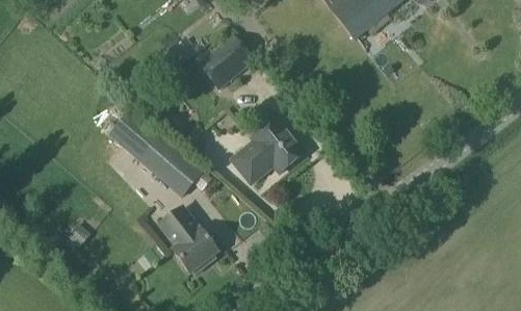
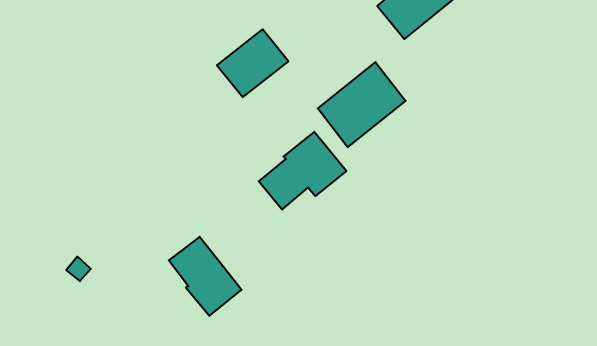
building: none -> [318,62,406,147]
building: [108,109,203,197] -> none

